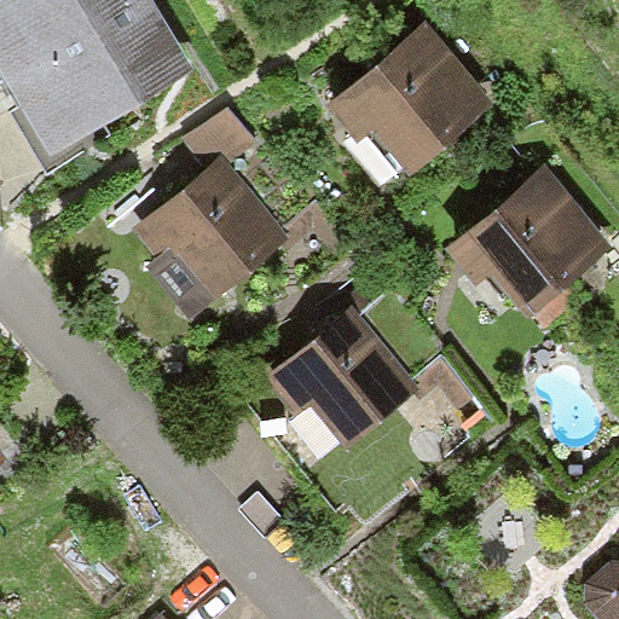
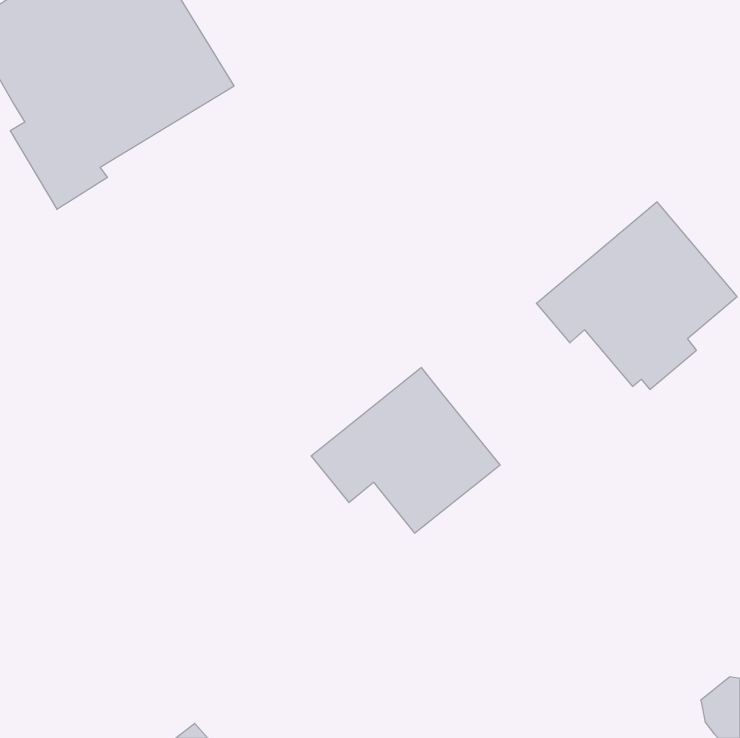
building: [328,31,487,173] -> none
building: [133,104,289,314] -> none

